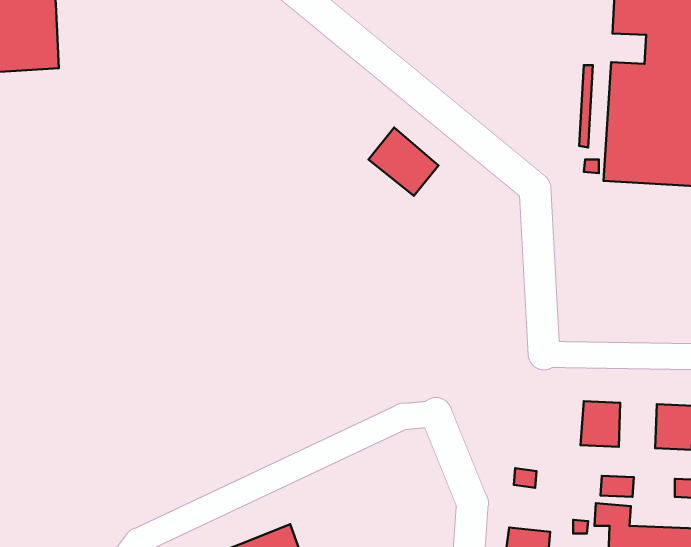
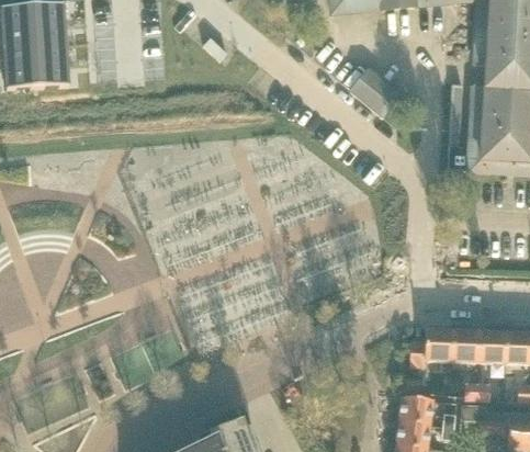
building: [368,127,438,196] -> [348,67,398,116]
building: none -> [406,329,451,366]
building: none -> [476,331,504,364]
building: none -> [397,397,430,425]

